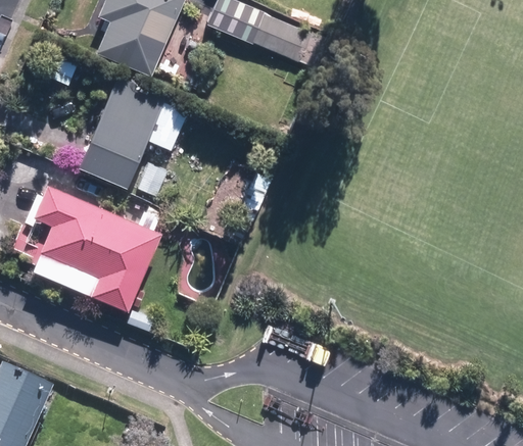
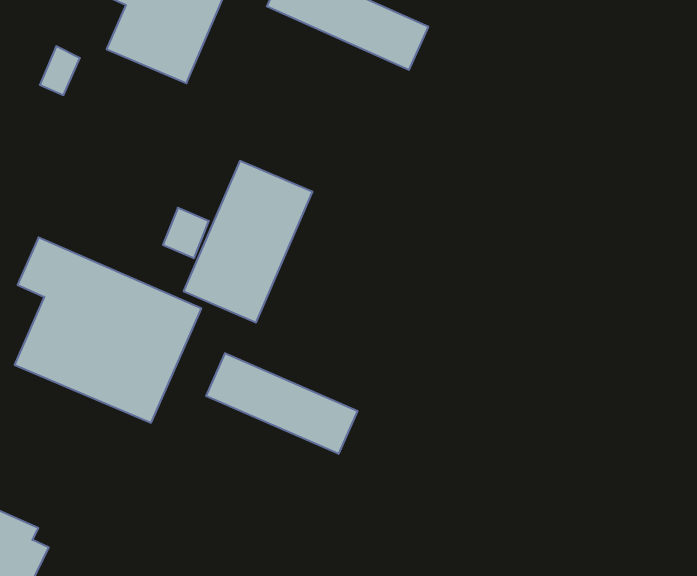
building: [79,76,168,187] -> [184,161,313,322]
building: none -> [206,353,357,454]

